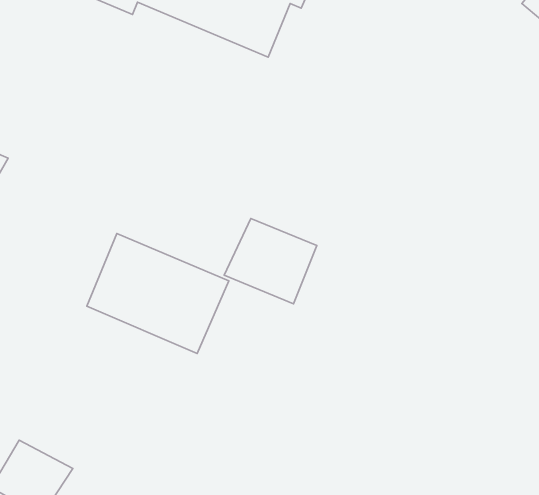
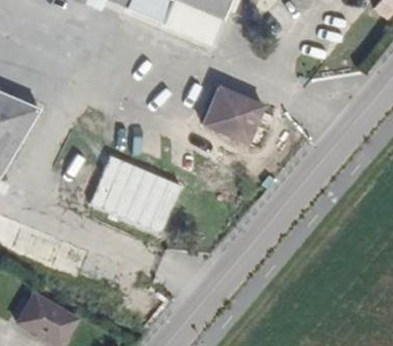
building: [224,219,317,304] -> [201,87,262,143]

